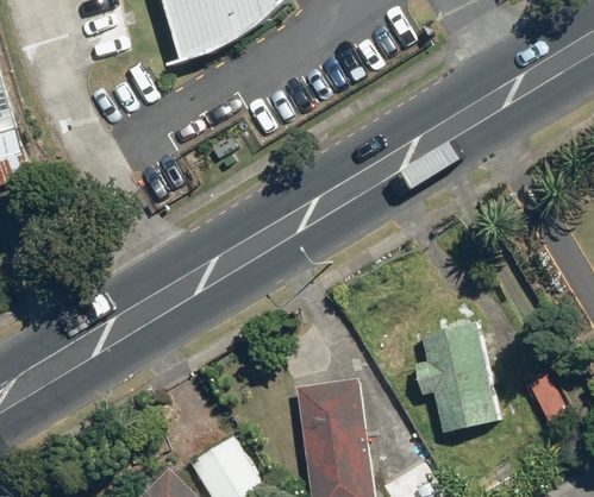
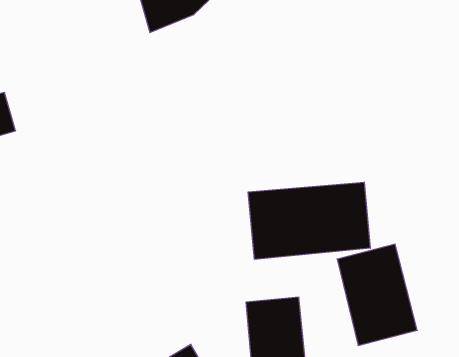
building: none -> [248,182,370,259]

